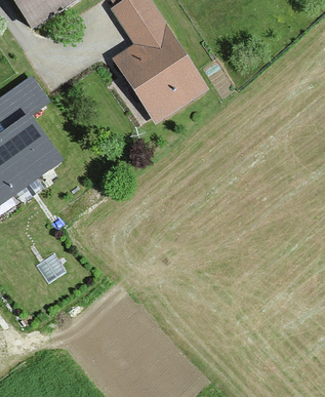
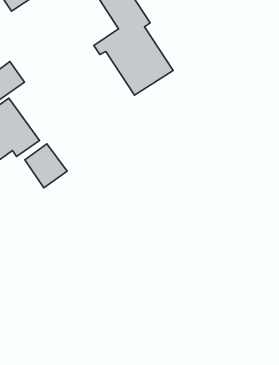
building: none -> [25,144,67,188]

